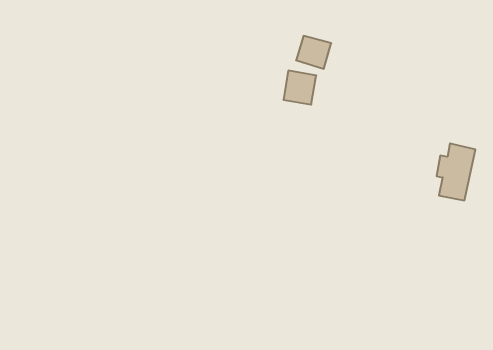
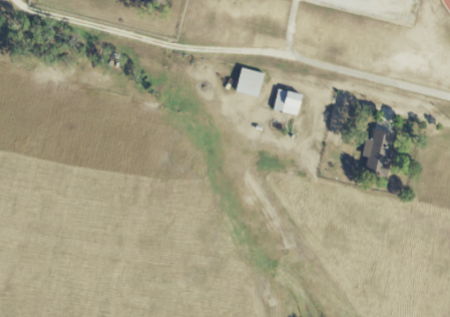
building: [296,36,331,69] -> [273,88,302,115]

